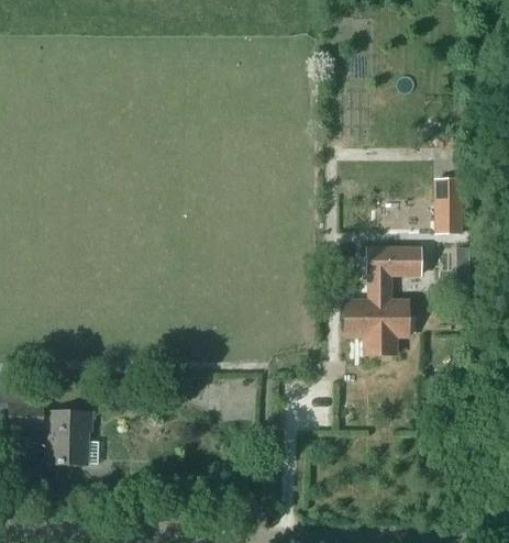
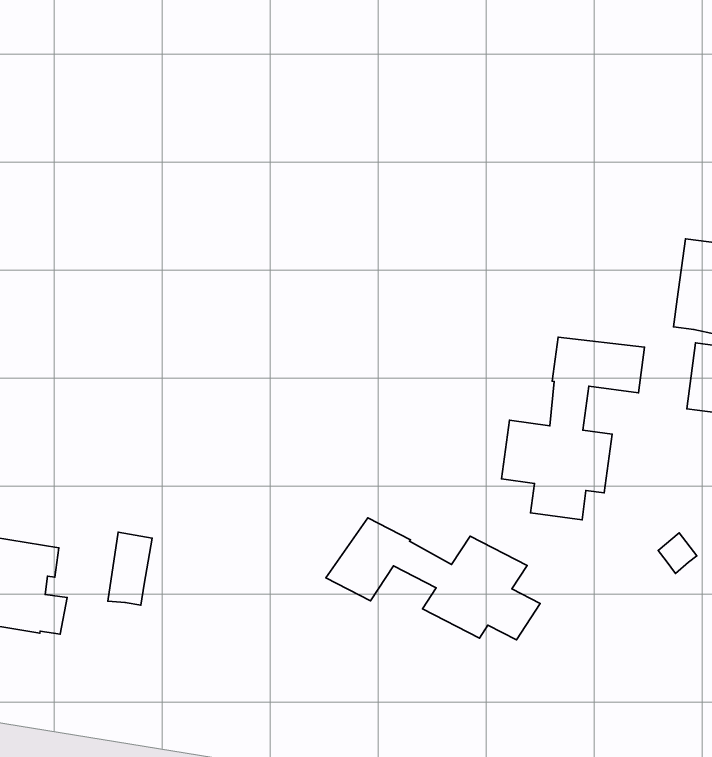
building: none -> [326,518,540,640]
building: none -> [108,532,152,605]

